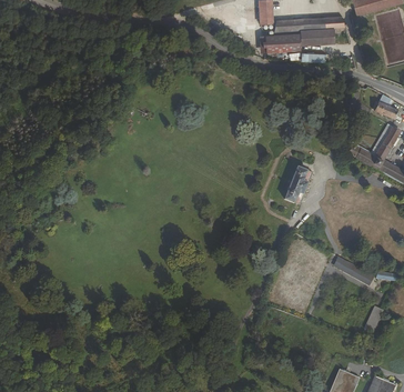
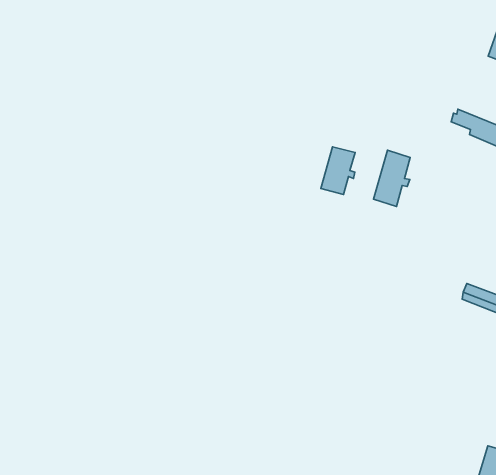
building: none -> [321,147,355,194]

